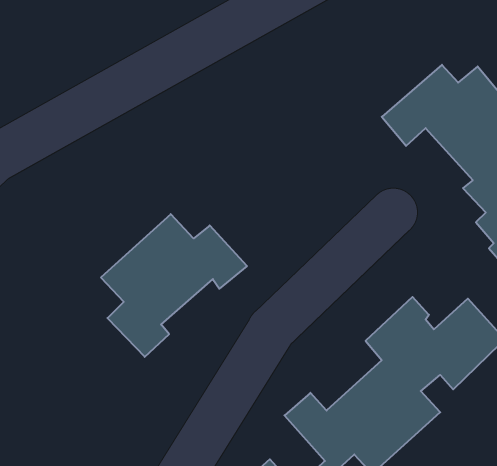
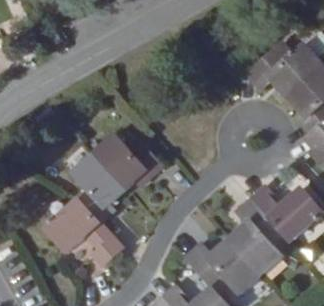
building: none -> [42,197,124,267]

